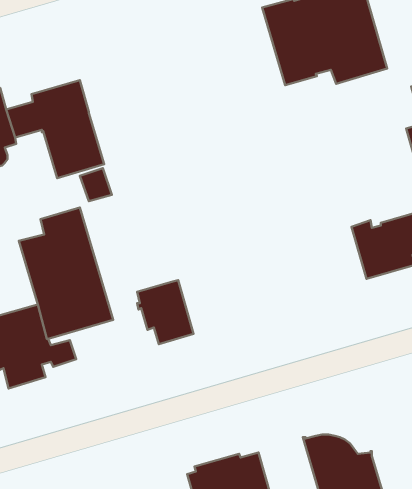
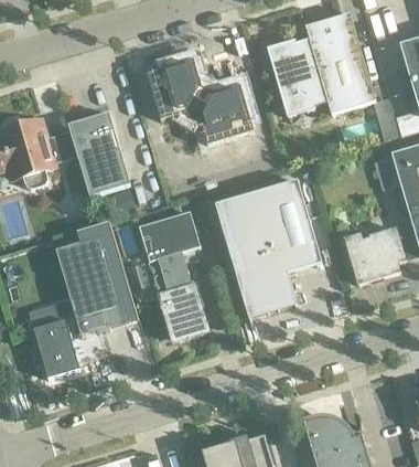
building: none -> [146,59,254,145]
building: none -> [214,179,322,318]
building: none -> [138,211,200,294]

